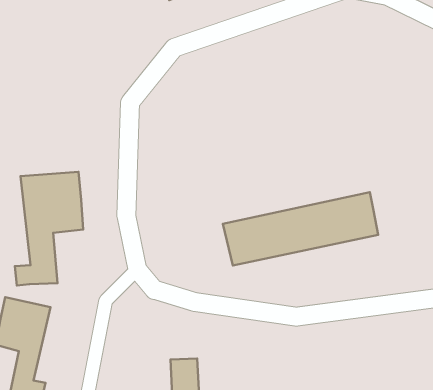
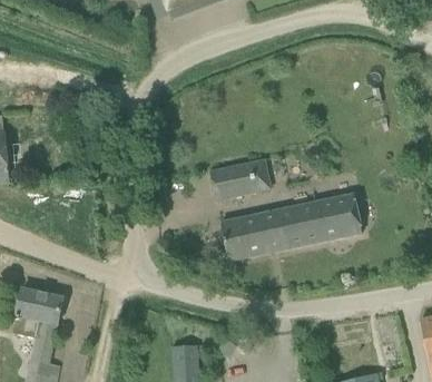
building: none -> [210,159,255,198]
building: [15,172,83,285] -> none

